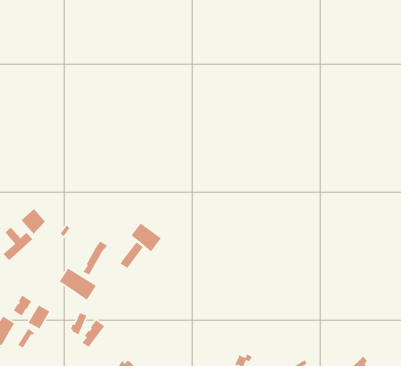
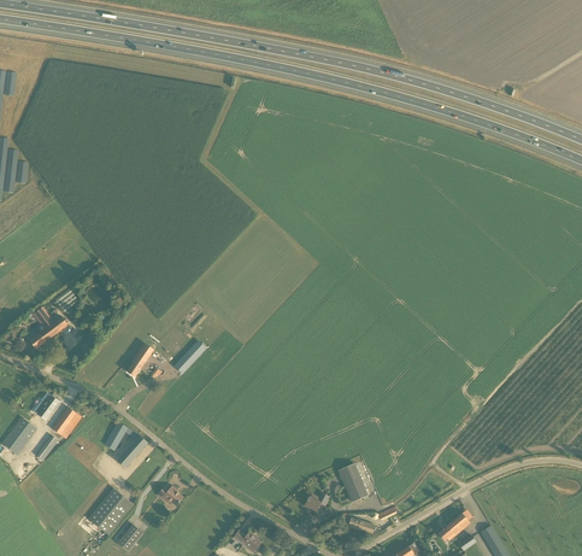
building: [131,222,162,252] -> none
building: [59,267,97,301] -> none
building: none -> [337,464,368,503]

